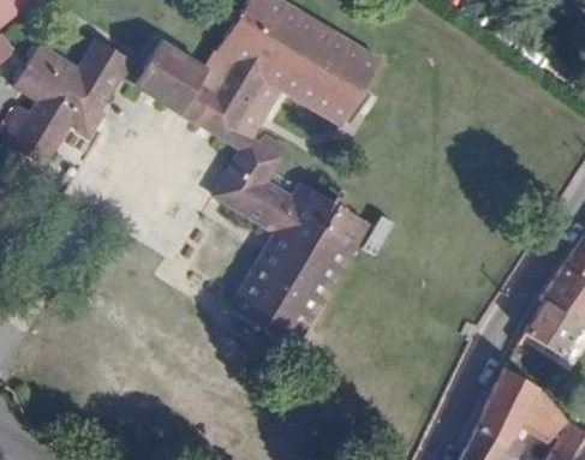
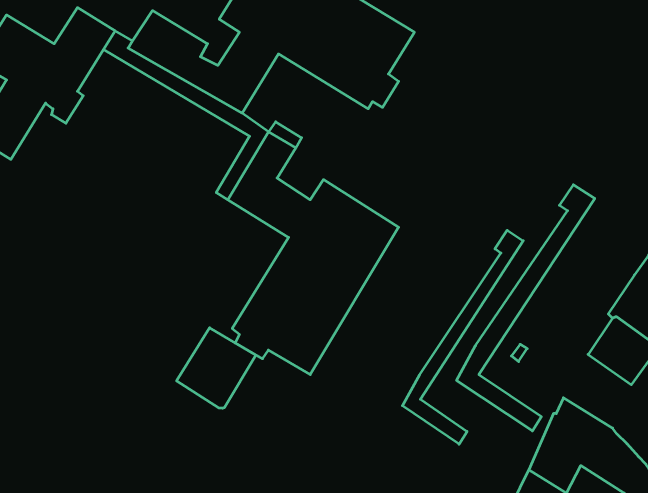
building: none -> [457,185,595,431]
building: none -> [402,230,523,444]
building: none -> [177,328,256,408]

